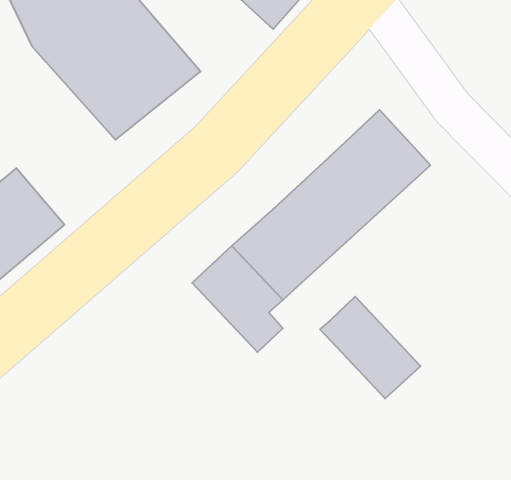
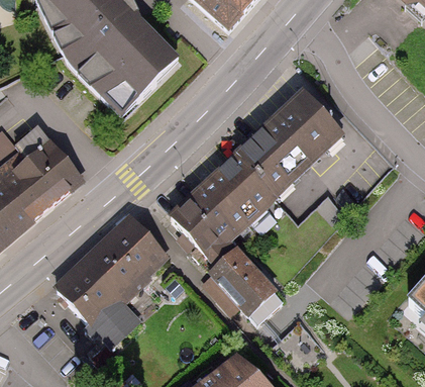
building: none -> [57,215,172,348]
building: [320,297,421,399] -> [211,247,283,319]

